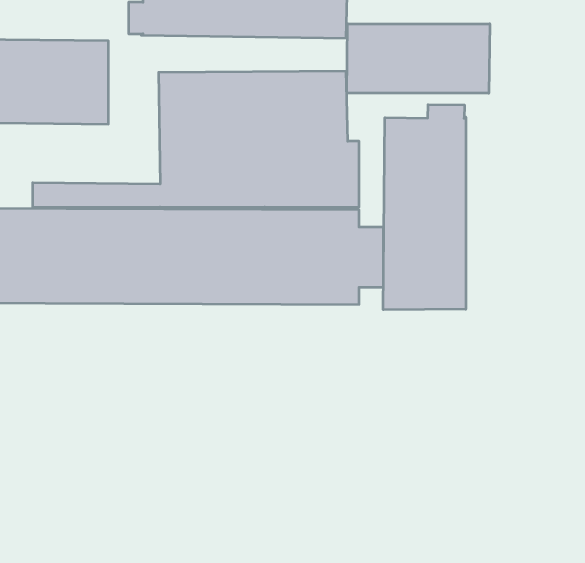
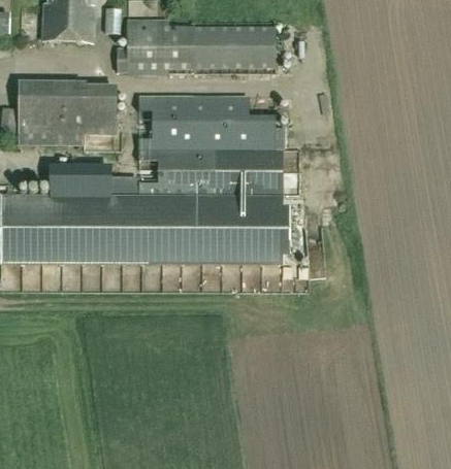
building: [347,24,490,93] -> none
building: [383,105,466,310] -> none

